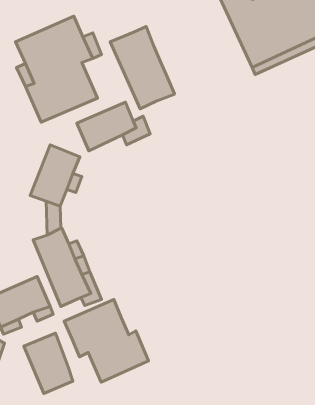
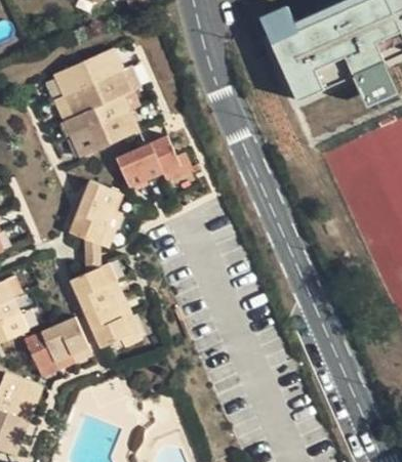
building: [110,26,175,109] -> none
building: [64,300,149,382] -> none
building: [24,333,73,393] -> none

